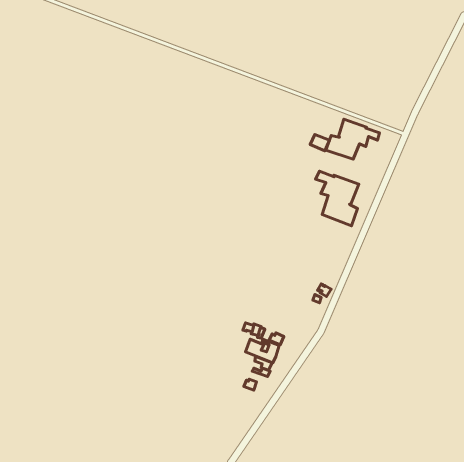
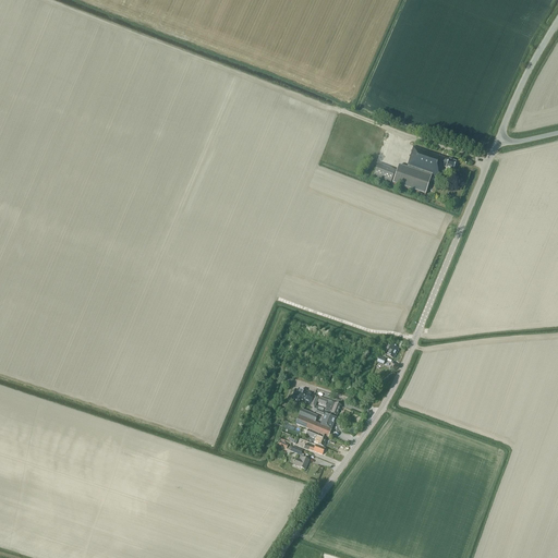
building: [316,171,359,226] -> none

